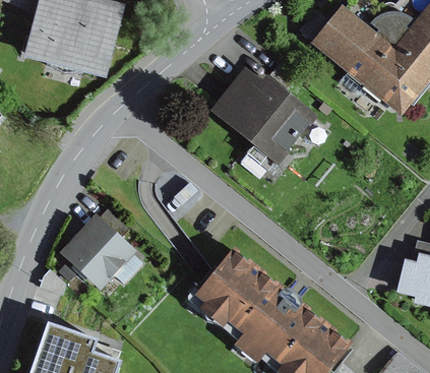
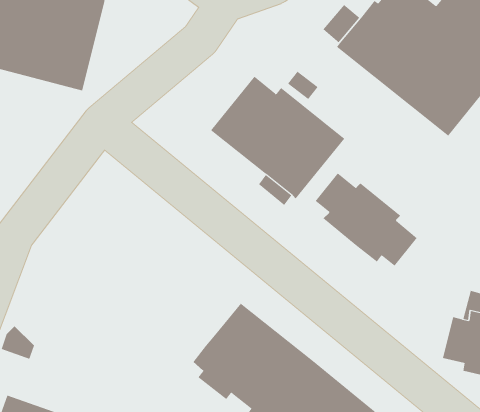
building: none -> [315,173,417,267]
building: [60,207,144,292] -> none

